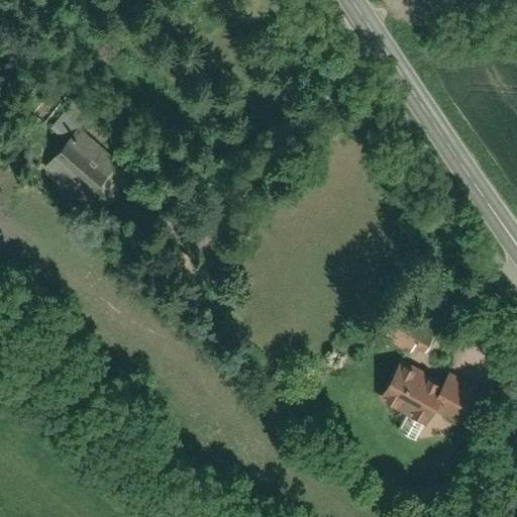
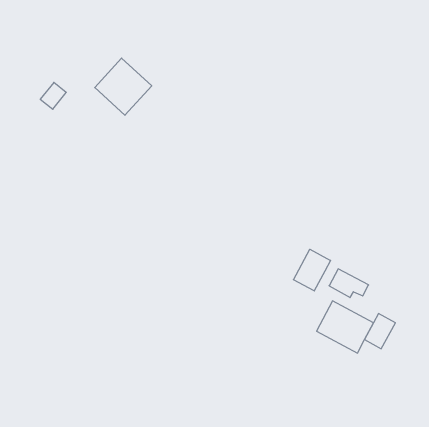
building: [46,130,115,199] -> [95,58,152,115]
building: none -> [293,249,331,291]

